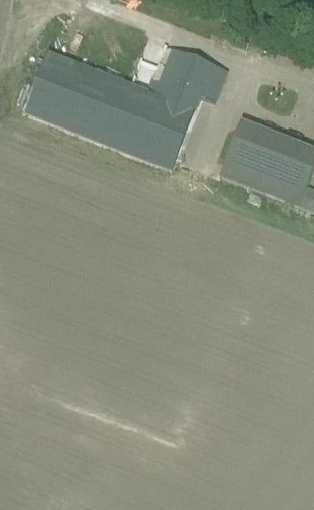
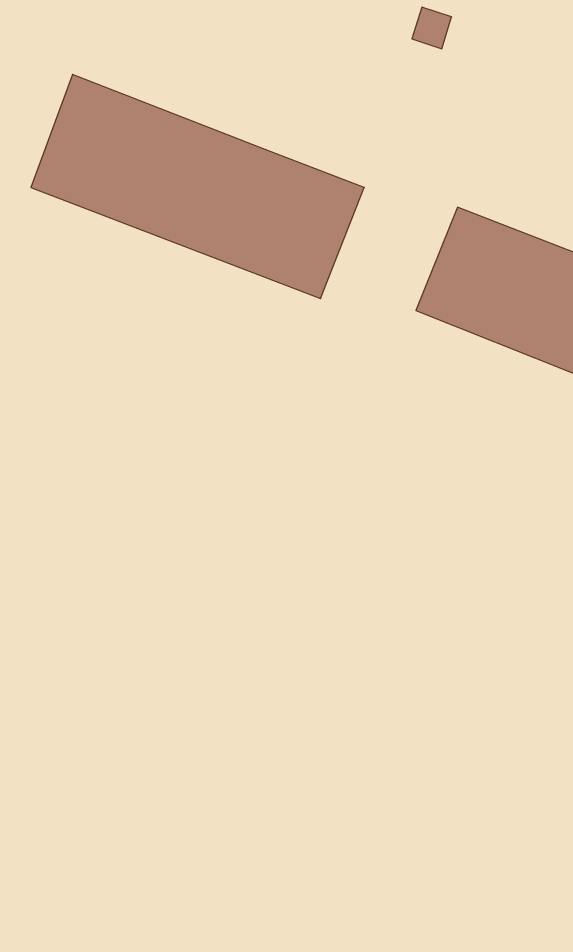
building: [145,45,227,110] -> none

